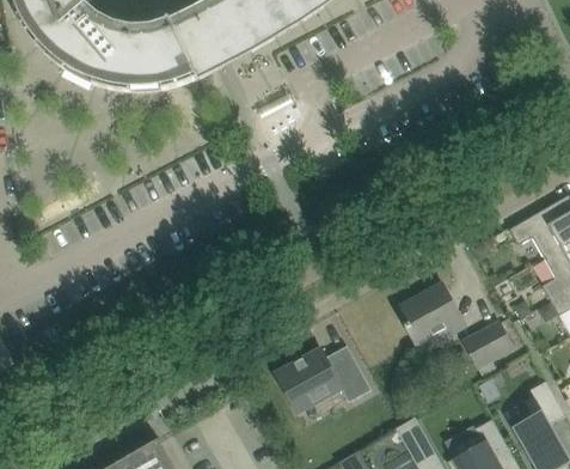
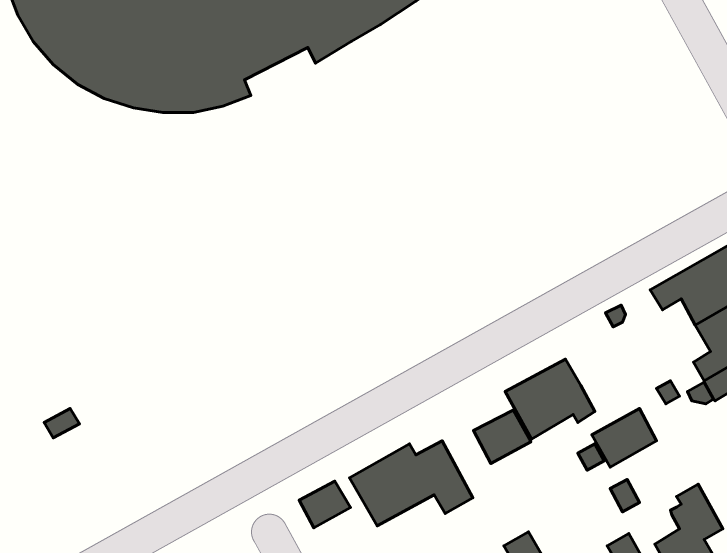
building: none -> [474,410,531,463]
building: none -> [299,481,350,528]

